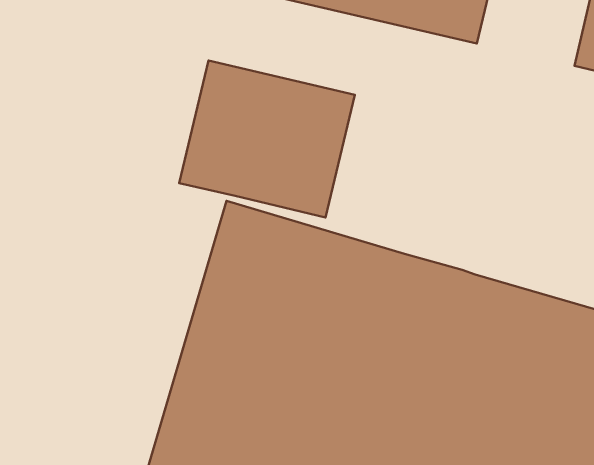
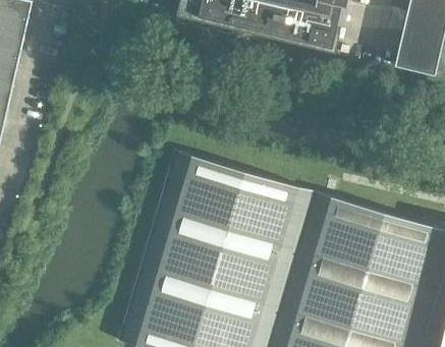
building: [179,60,355,217] -> none

